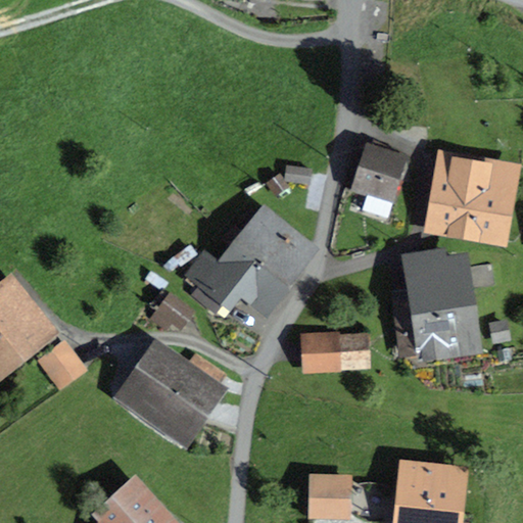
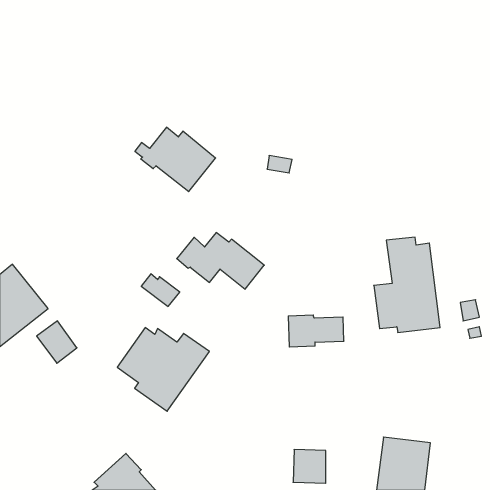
building: [351,140,399,217] -> none
building: [433,155,509,239] -> none
building: [224,213,310,282] -> [135,127,216,192]

